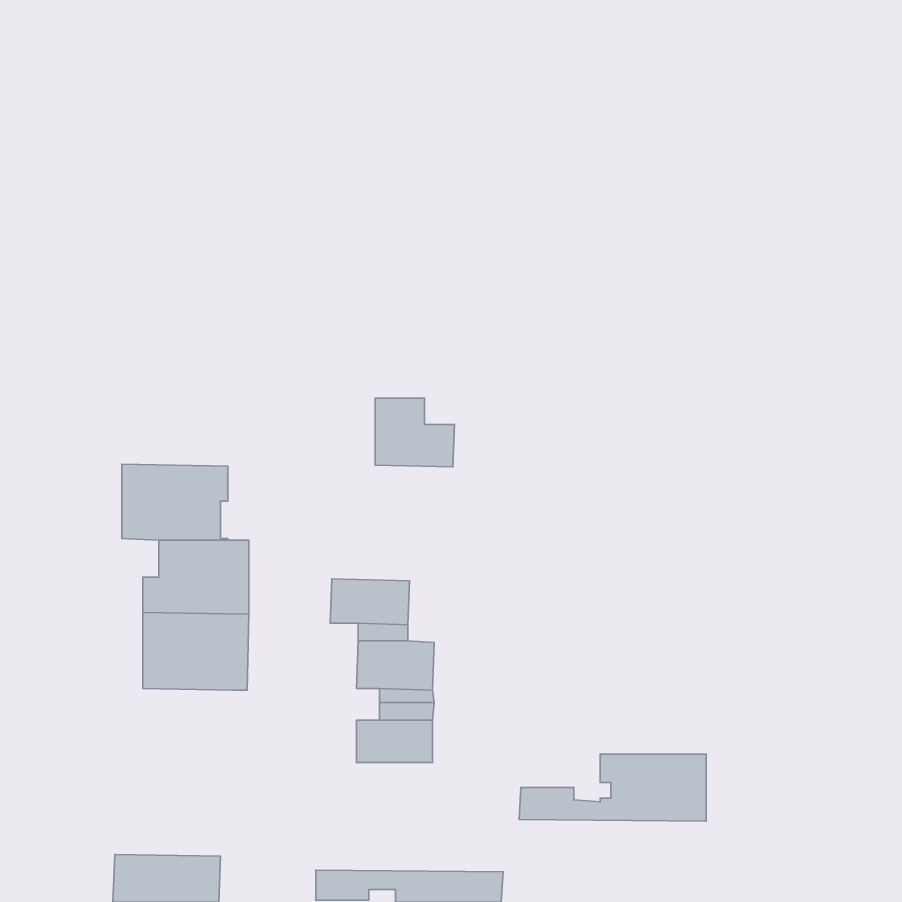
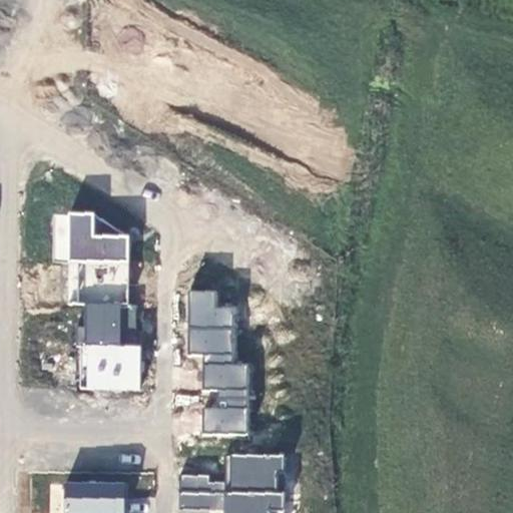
building: none -> [69,215,129,265]
building: [375,398,455,467] -> [188,291,233,330]
building: [519,754,706,821] -> [179,457,286,495]

